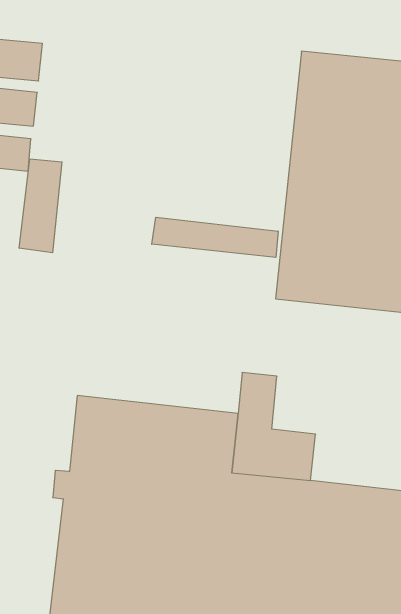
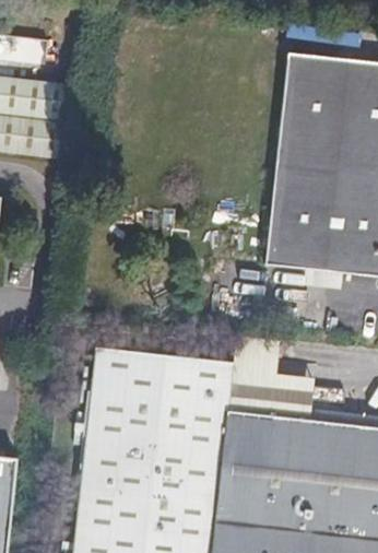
building: [19,159,62,253] -> none
building: [152,217,278,257] -> none

